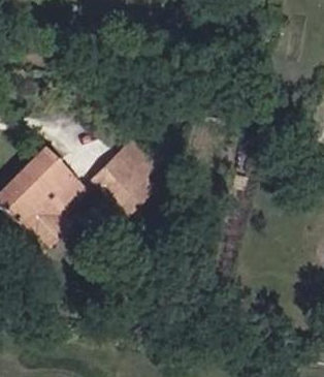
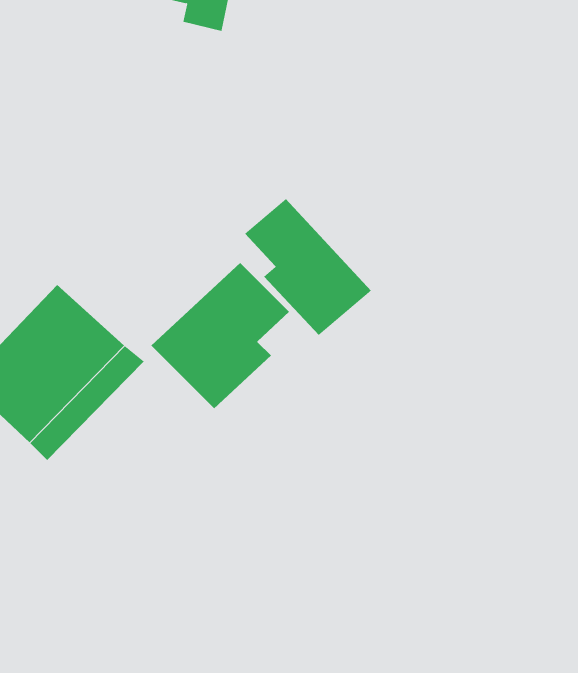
building: none -> [244,198,372,336]

